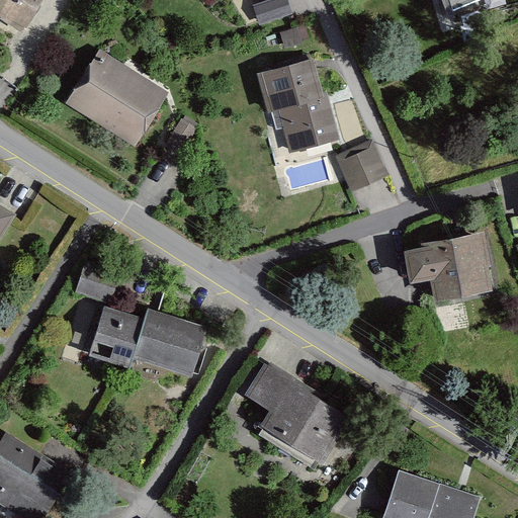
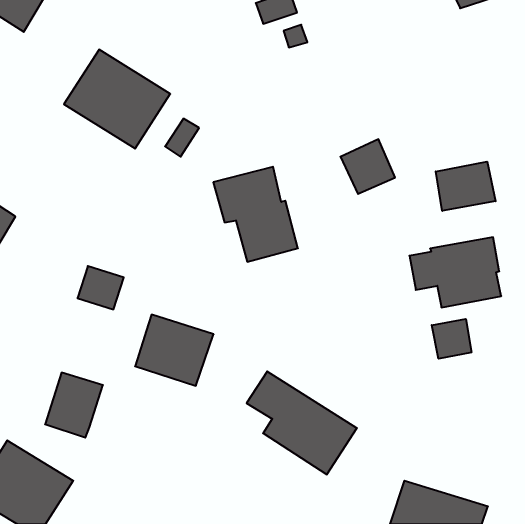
building: [255,58,338,151] -> [213,167,298,262]
building: none -> [436,162,496,211]
building: [89,306,146,369] -> [45,373,103,438]
building: none -> [432,319,471,359]

